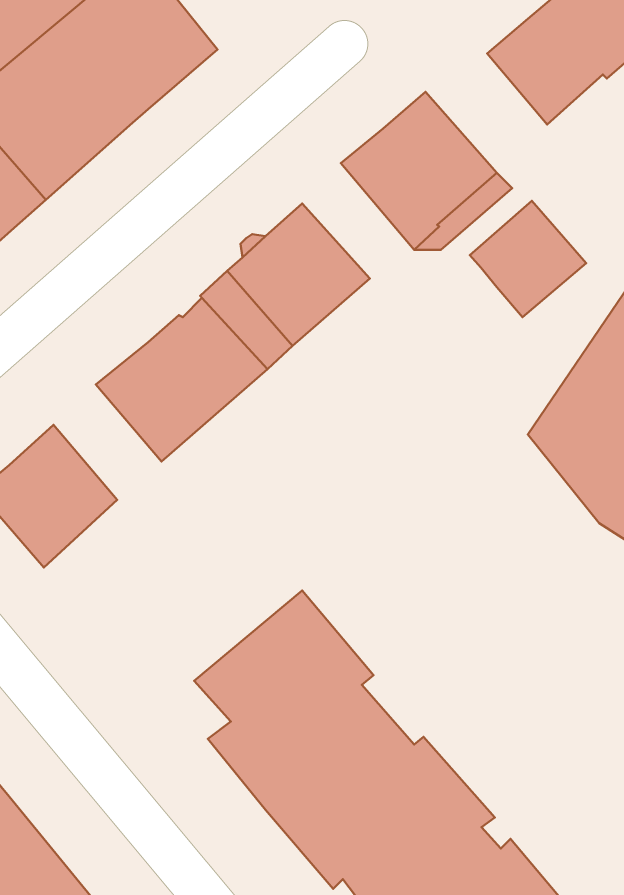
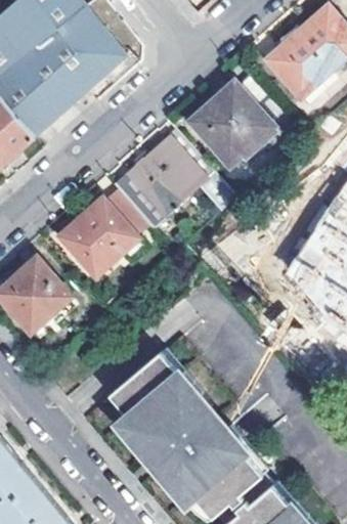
building: [470,201,586,317] -> none

